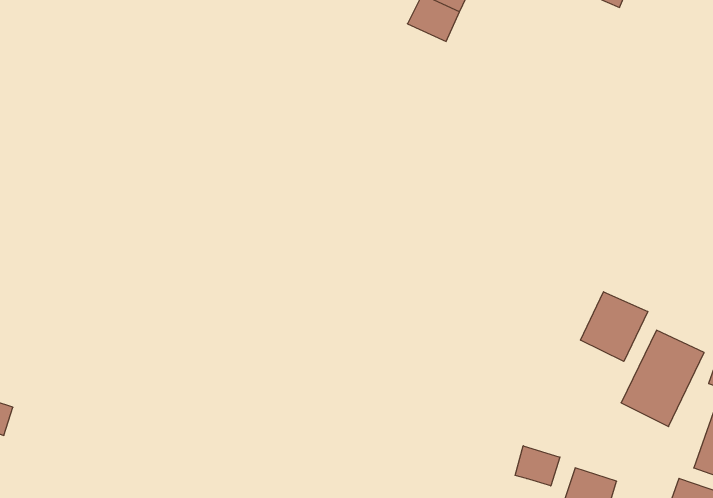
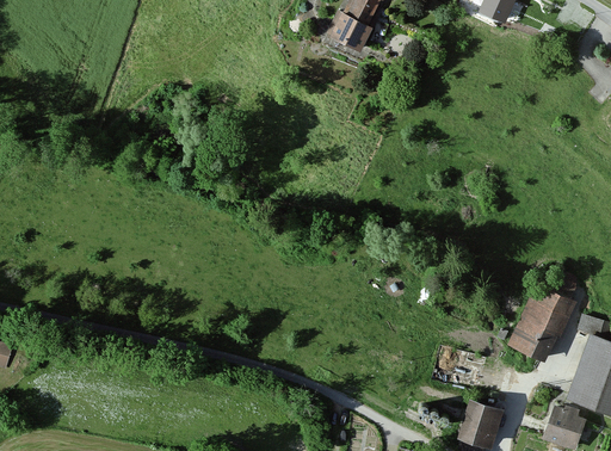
building: [581,292,648,361] -> none
building: [515,446,560,486] -> none

